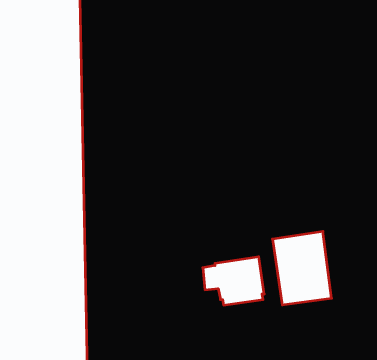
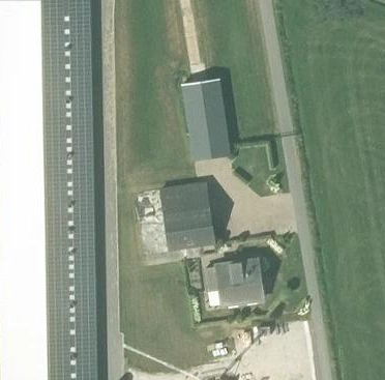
building: none -> [180,78,232,159]
building: [272,231,332,305] -> [158,181,214,251]

